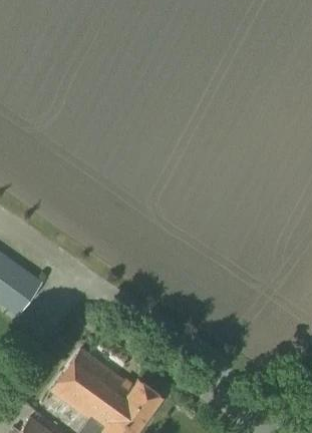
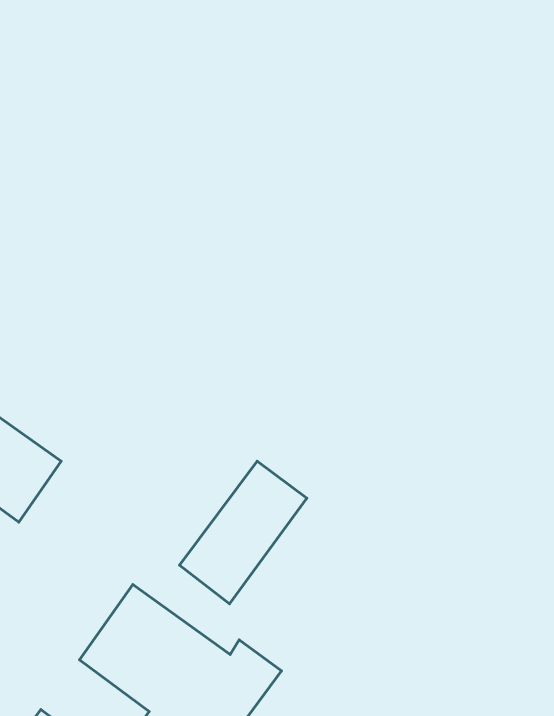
building: none -> [179,461,307,604]

